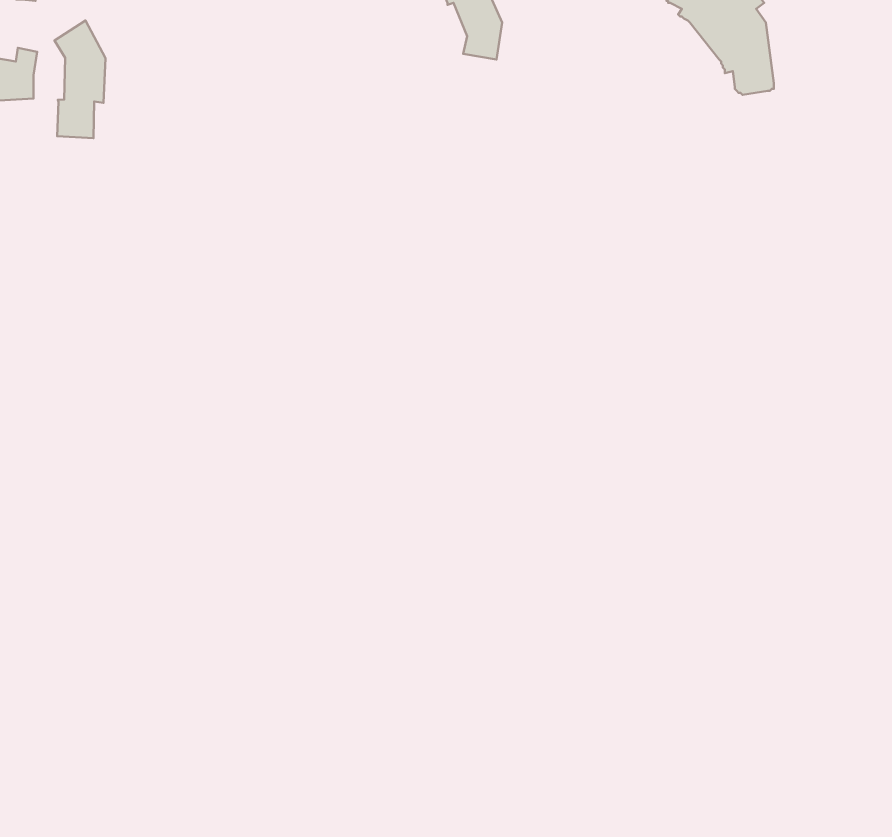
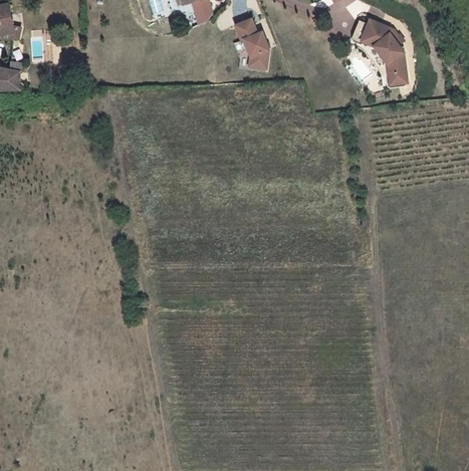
building: [55,21,106,138] -> none

